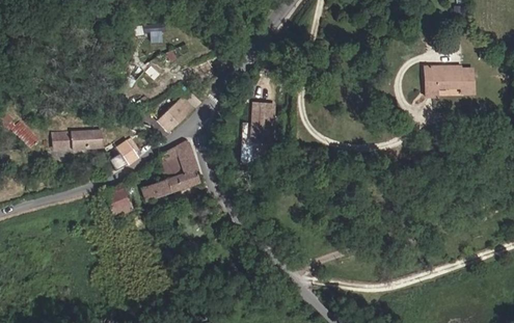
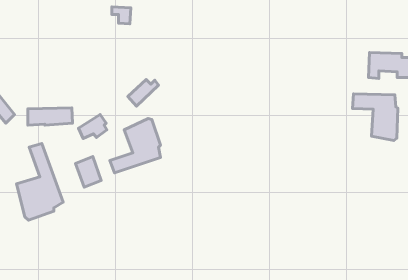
building: [253,102,276,141] -> none
building: none -> [352,94,398,141]
building: none -> [17,144,63,220]

